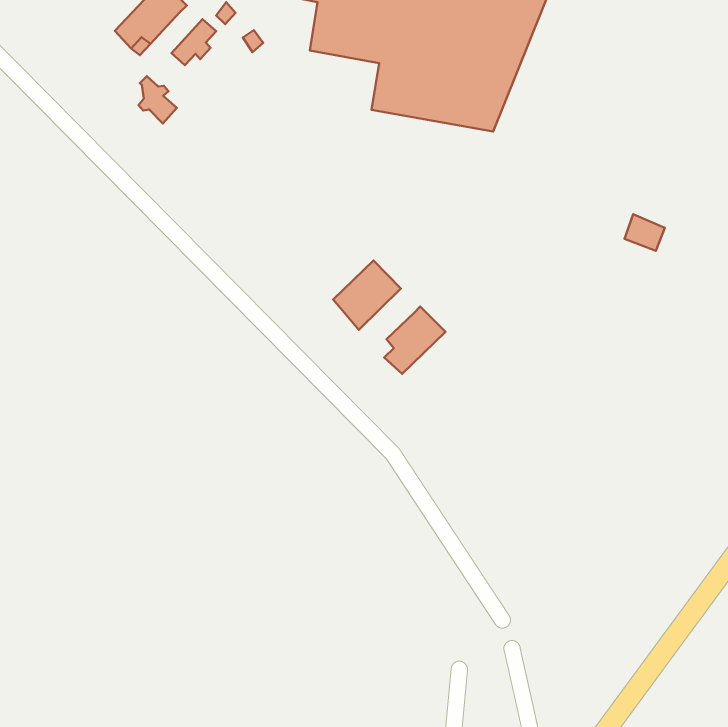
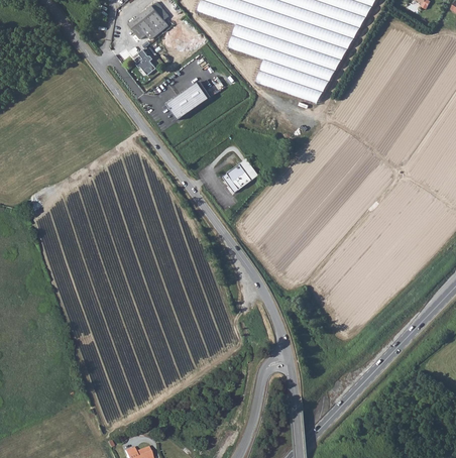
building: none -> [167,83,210,121]
building: [384,307,446,374] -> none

